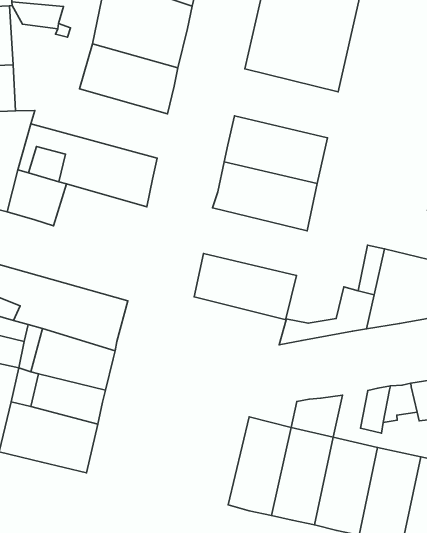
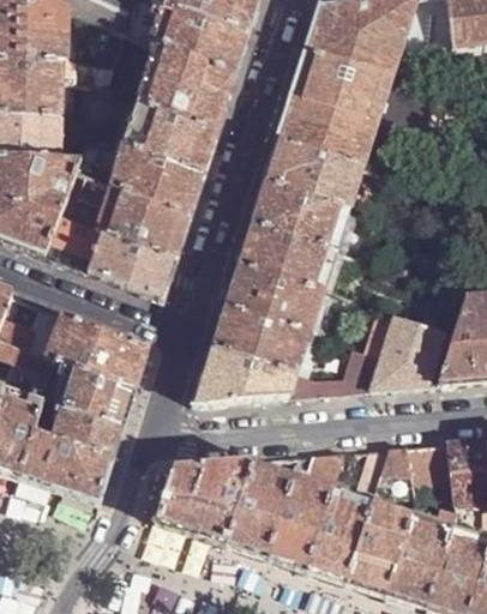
building: none -> [265,137,363,207]
building: none -> [74,132,203,213]
building: none -> [88,230,176,297]
building: none -> [226,264,324,333]
building: none -> [194,345,297,403]
building: none -> [152,456,258,542]

